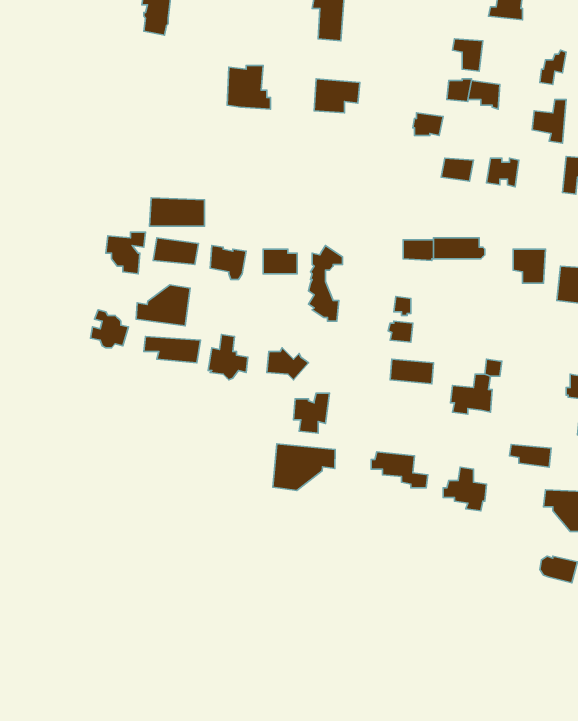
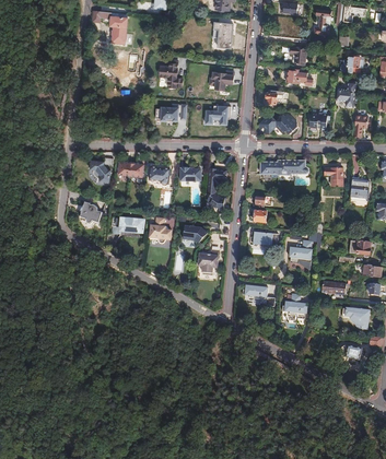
building: none -> [207,104,231,125]
building: [149,198,204,226] -> [156,104,188,120]
building: [136,285,190,326] -> none
building: [273,444,335,491] -> none

